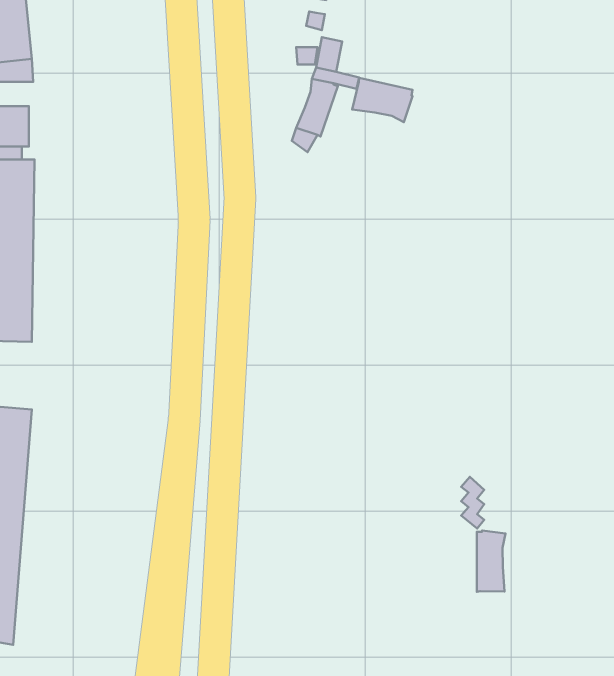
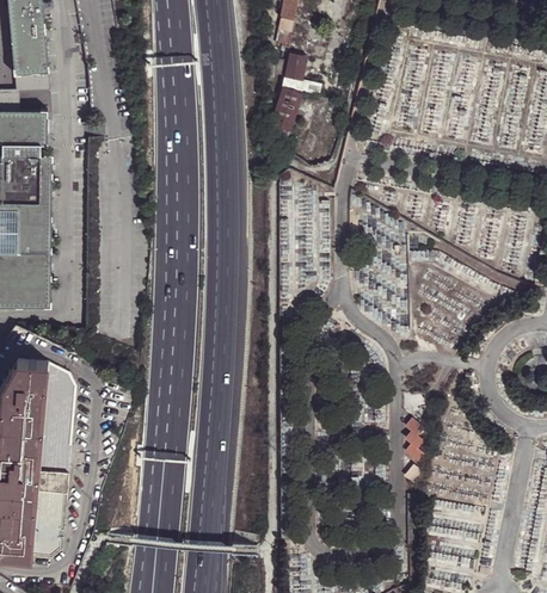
building: [352,78,413,122] -> none
building: none -> [32,362,75,558]
building: [477,530,505,592] -> none

